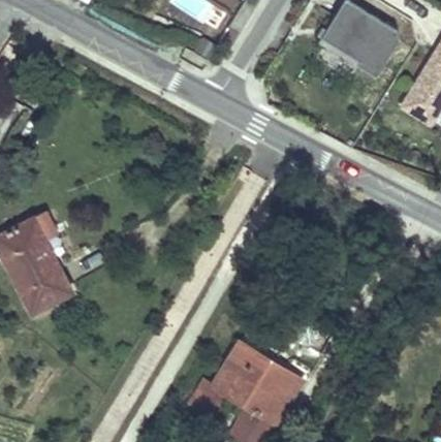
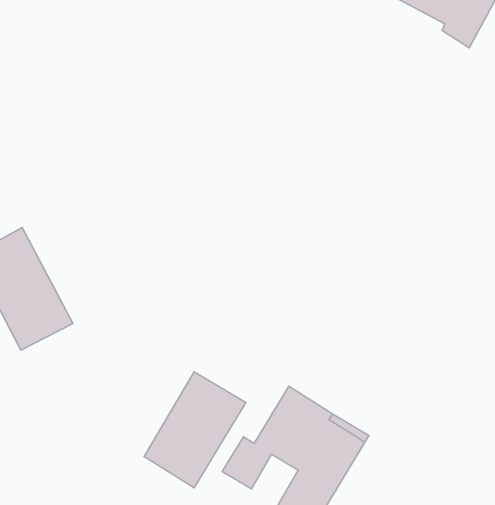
building: none -> [144,372,246,488]

